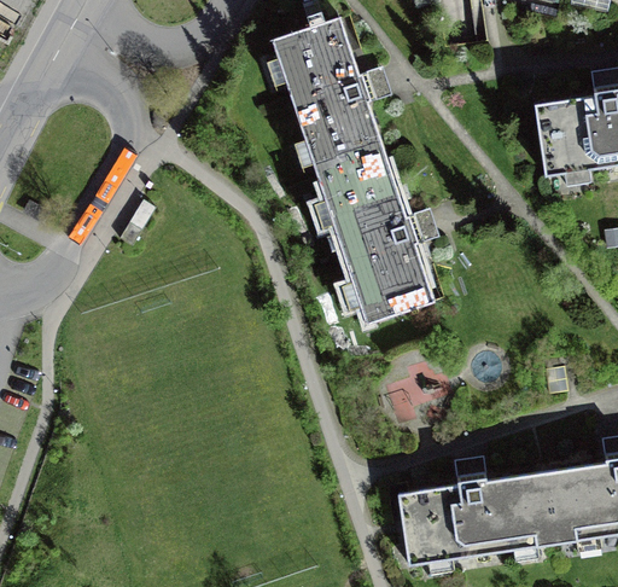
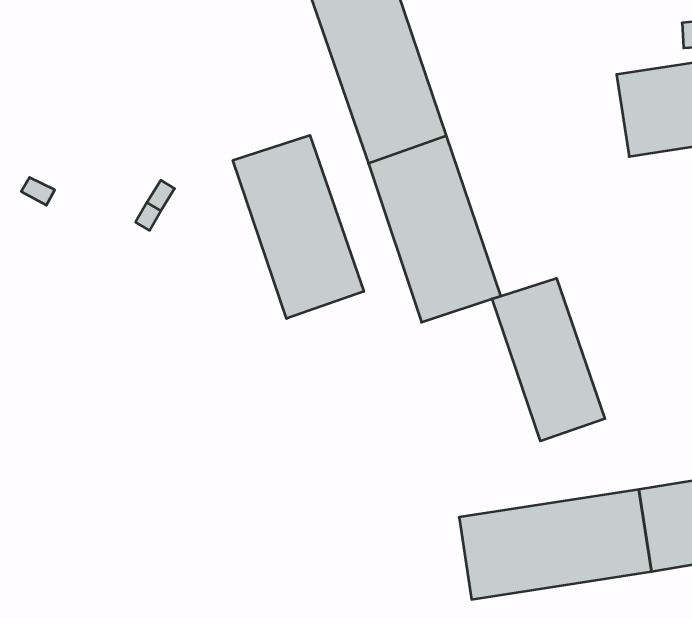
building: none -> [233,135,364,319]
building: none -> [492,278,605,441]

